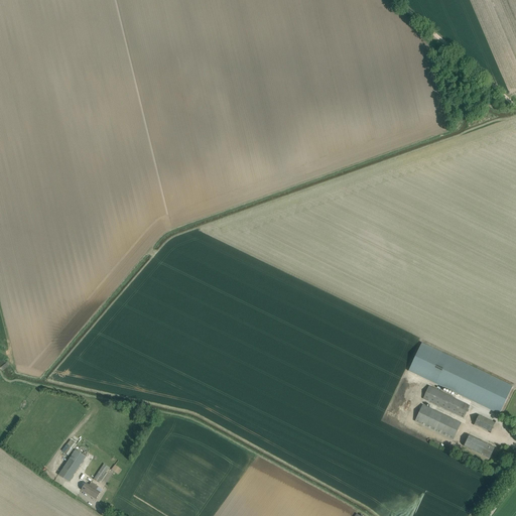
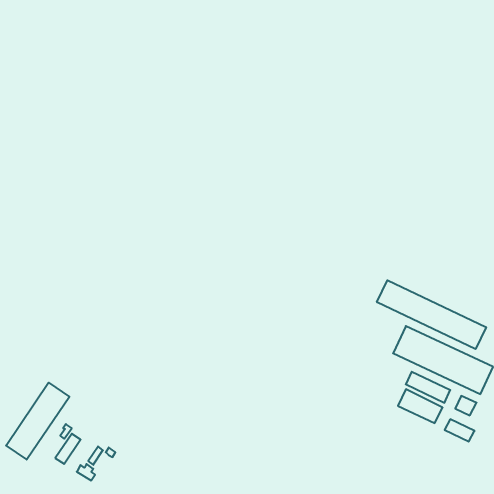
building: none -> [377,280,486,349]
building: none -> [6,383,69,460]

